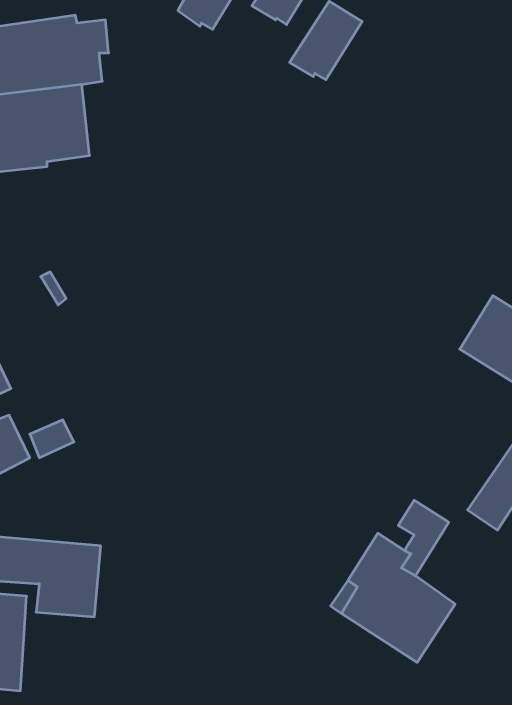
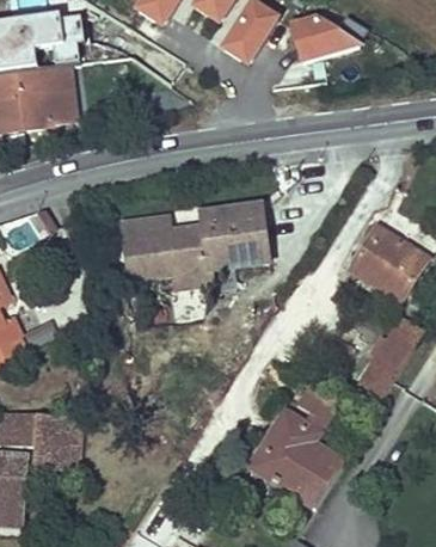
building: none -> [289,16,368,64]
building: none -> [133,202,281,287]

